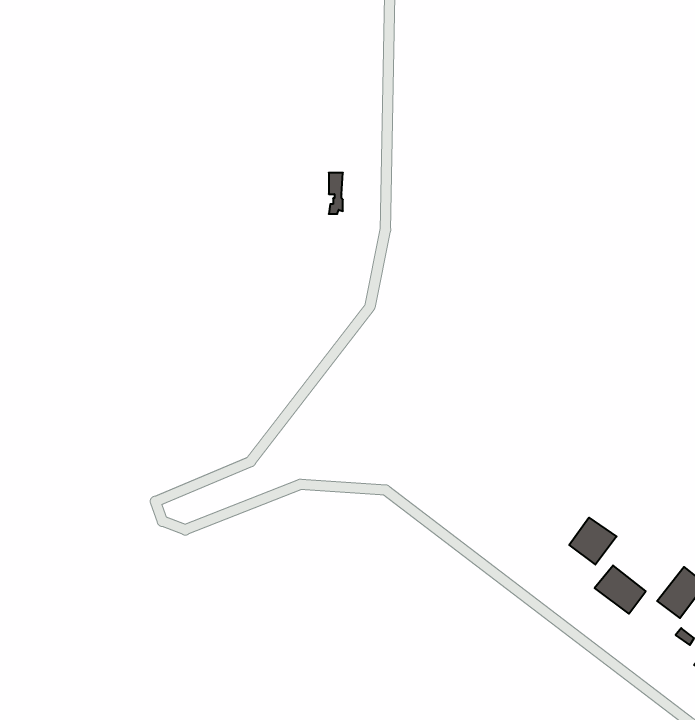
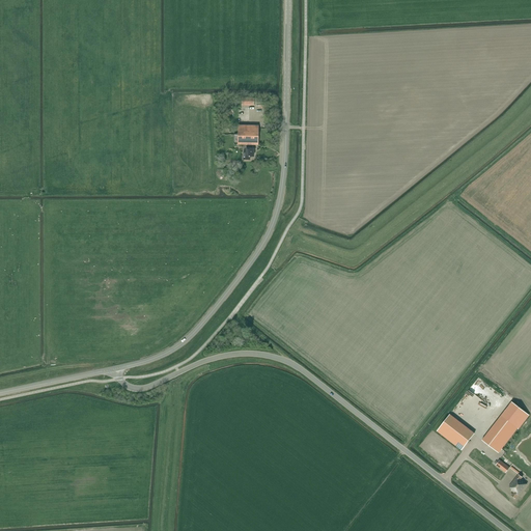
building: [569,518,617,565] -> none

